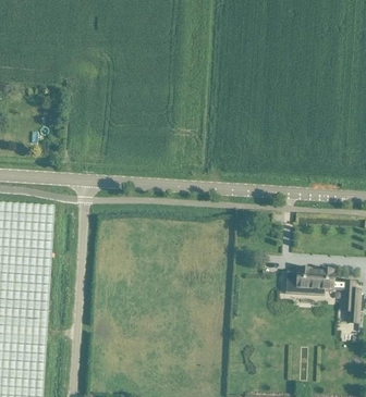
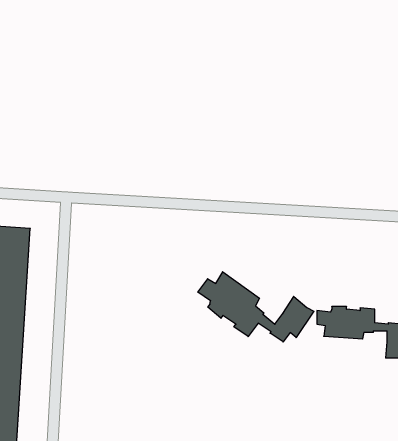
building: none -> [198,272,314,342]

